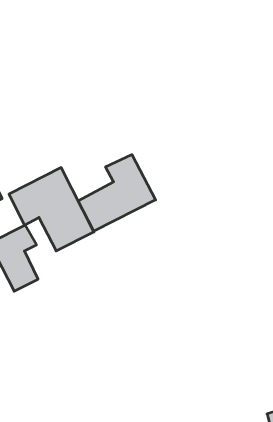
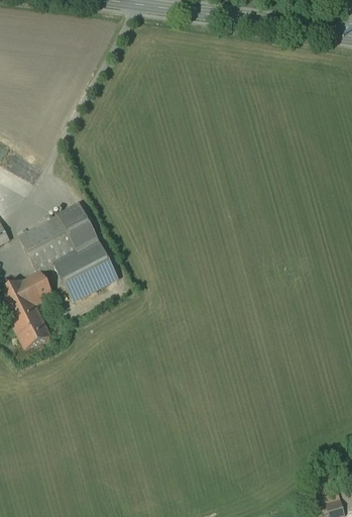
building: [78,155,156,231] -> none

